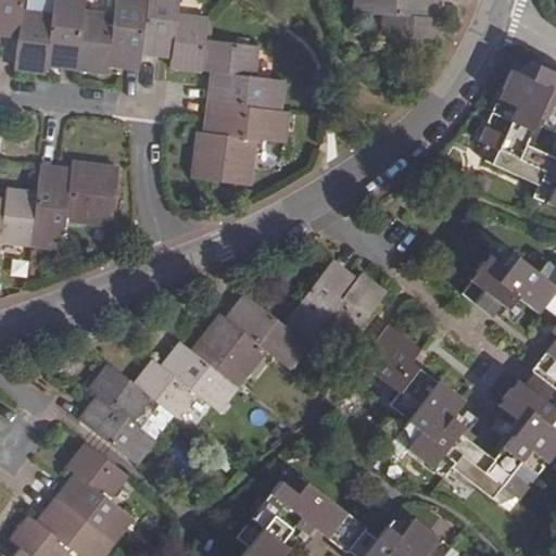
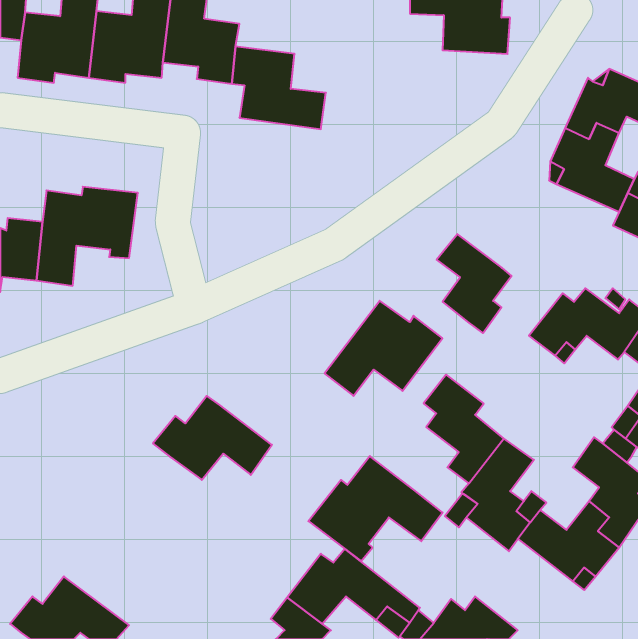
building: [193,102,288,187] -> none
building: none -> [437,234,512,333]
building: [192,294,308,386] -> [308,456,443,561]
building: [80,365,155,465] -> none
building: [58,443,132,542] -> none

